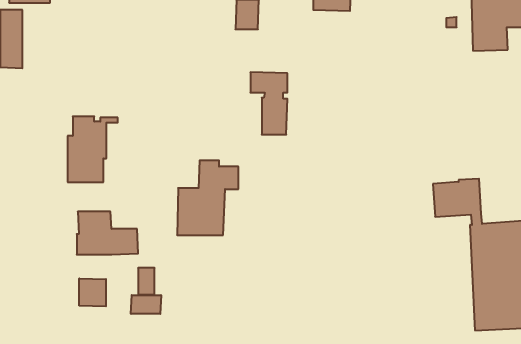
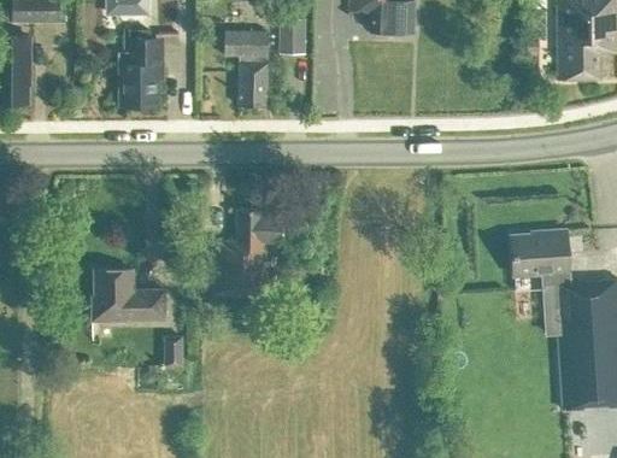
building: [250,72,287,135] -> [225,31,269,105]
building: [68,116,118,182] -> [121,30,180,107]
building: [79,278,106,306] -> none
building: [131,295,161,314] -> none

